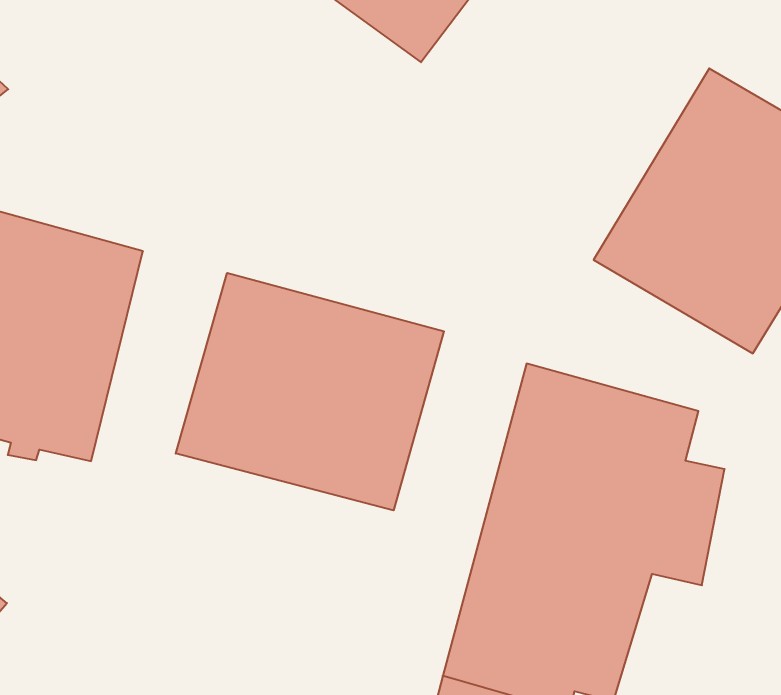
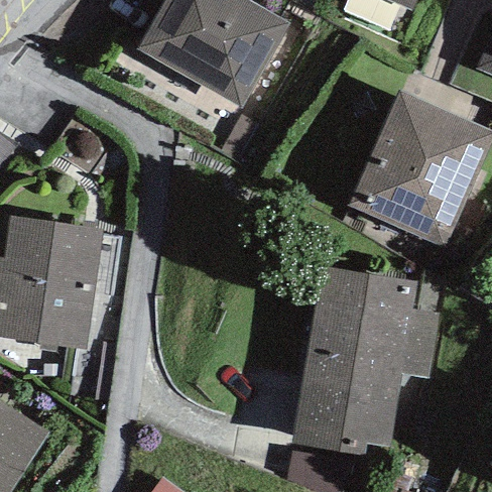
building: [176,273,444,510] -> none

